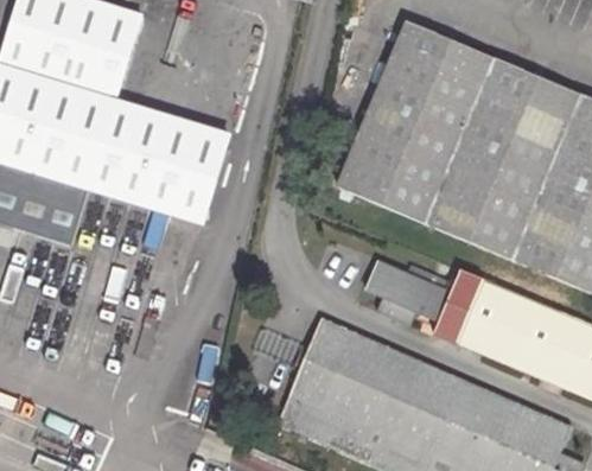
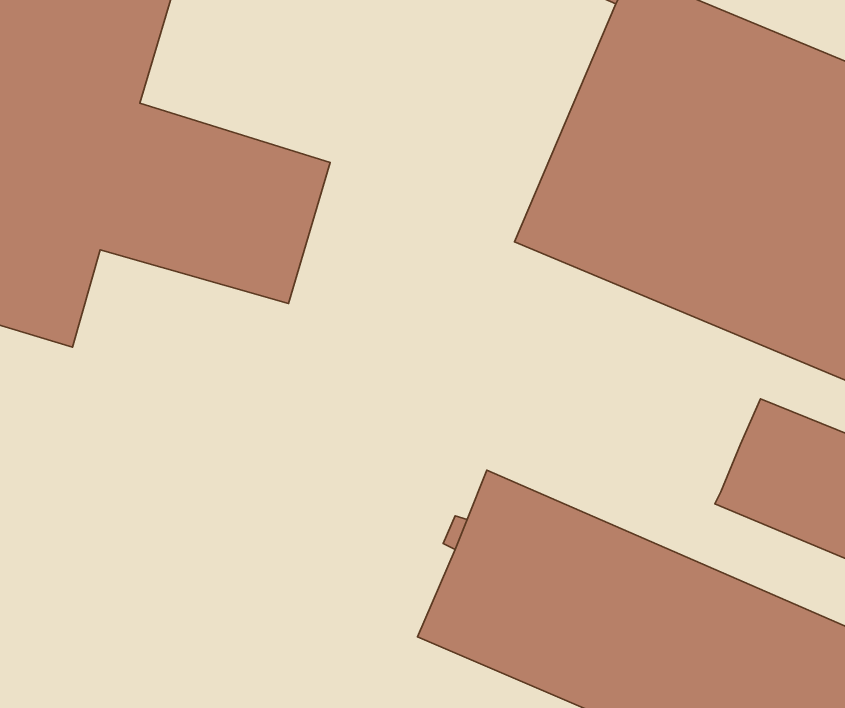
building: [365,261,485,342] -> none

